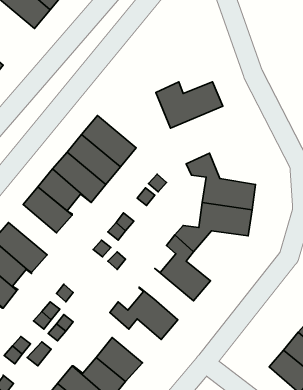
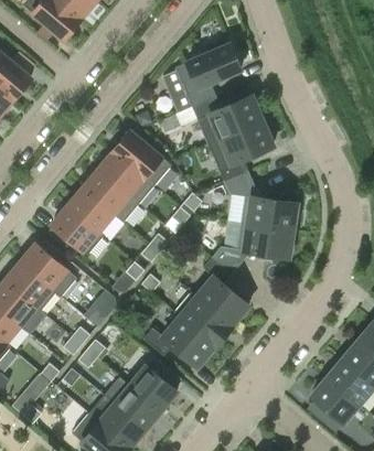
building: none -> [174,44,241,107]
building: none -> [207,121,274,182]
building: none -> [174,292,232,346]

